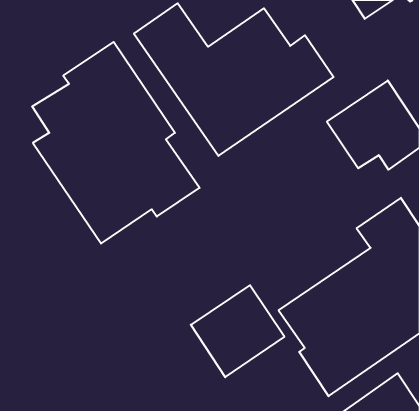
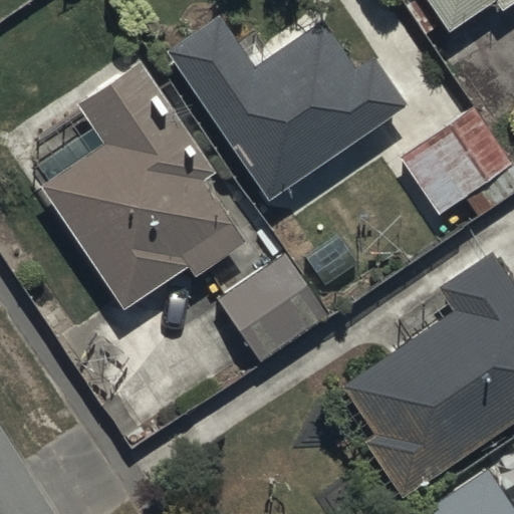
building: [191,285,284,377] -> [216,253,330,365]

